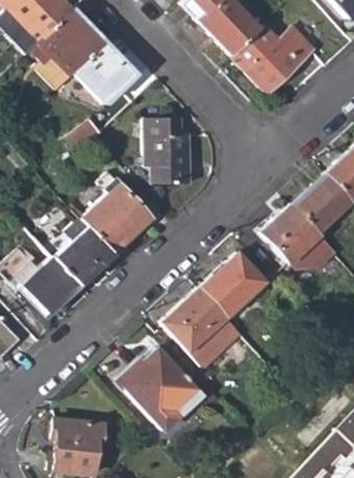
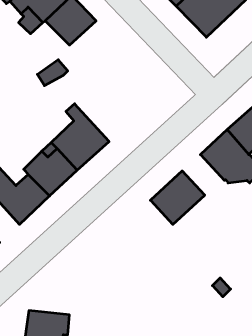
building: [144,119,191,184] -> none
building: [163,288,249,375] -> none
building: [121,348,200,429] -> none

